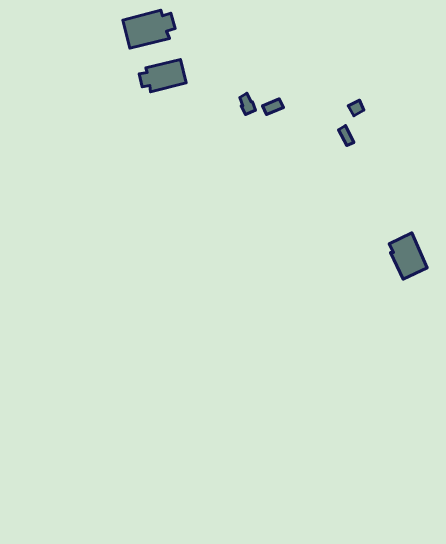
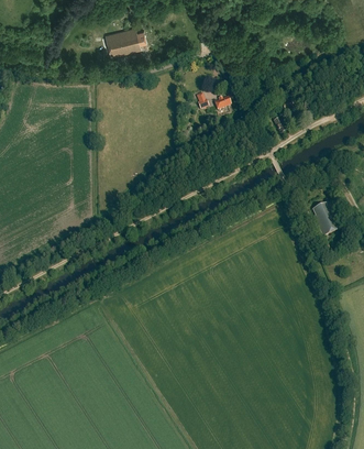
building: [139,59,186,92] -> none

